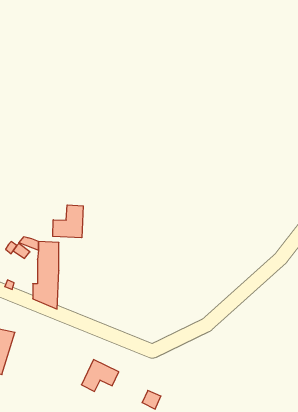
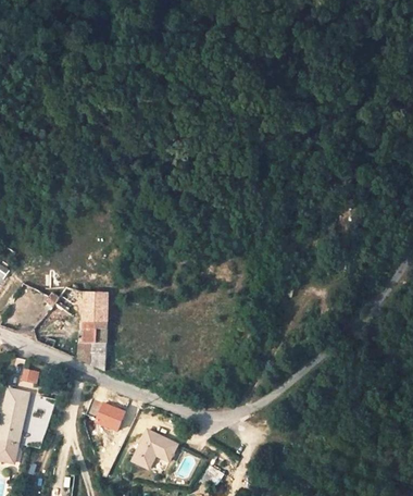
building: [53,205,83,238] -> none
building: none -> [95,402,123,430]

